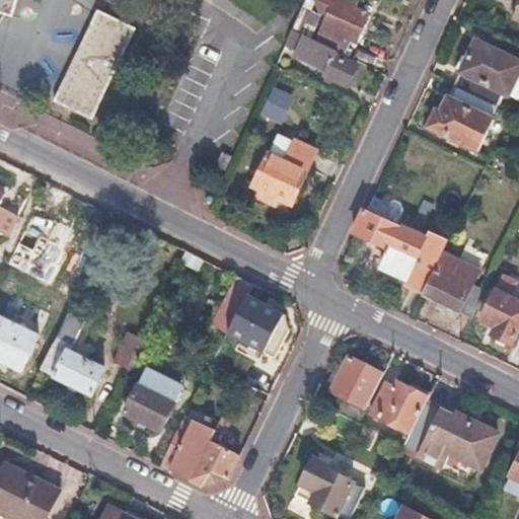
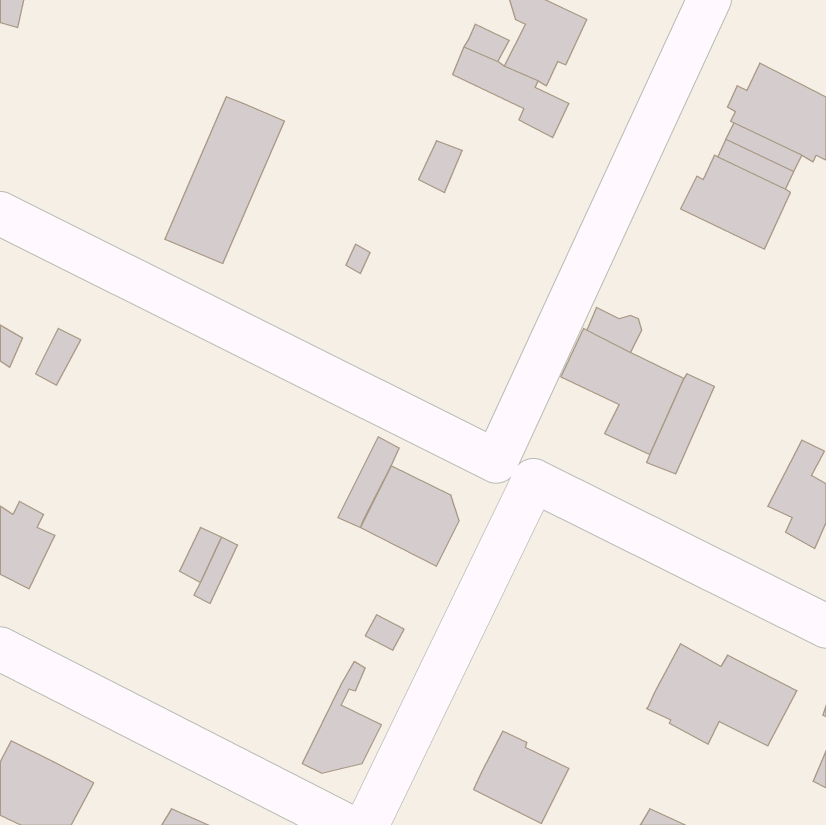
building: [56,6,131,110] -> [165,97,284,263]
building: [254,133,315,206] -> none
building: [424,253,484,316] -> none
building: [41,317,101,392] -> none
building: [333,357,383,407] -> none
building: [124,374,179,430] -> none
building: [370,378,431,434] -> none
building: [160,420,214,478] -> none

